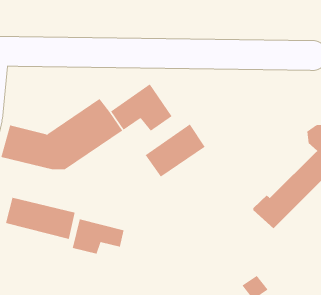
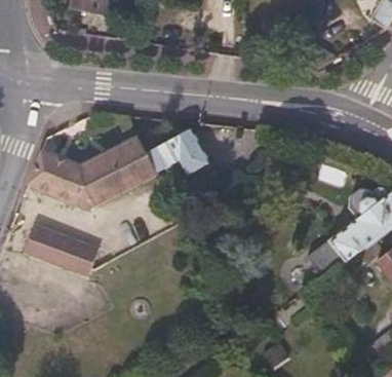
building: [145,124,205,177] -> none
building: [72,219,124,255] -> none

